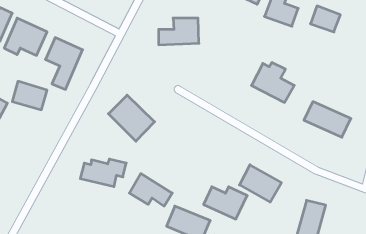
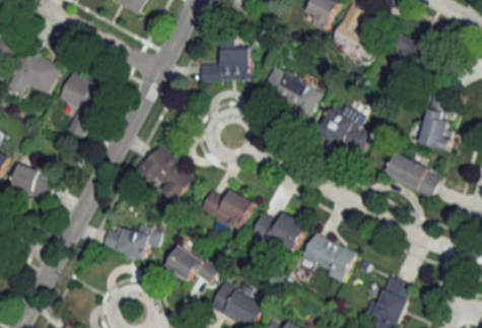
building: none -> [260,65,322,117]
building: none -> [419,95,454,148]
building: [12,81,47,110] -> [10,162,54,198]
building: none -> [200,189,253,228]
building: [204,187,247,219] -> [251,212,305,253]

